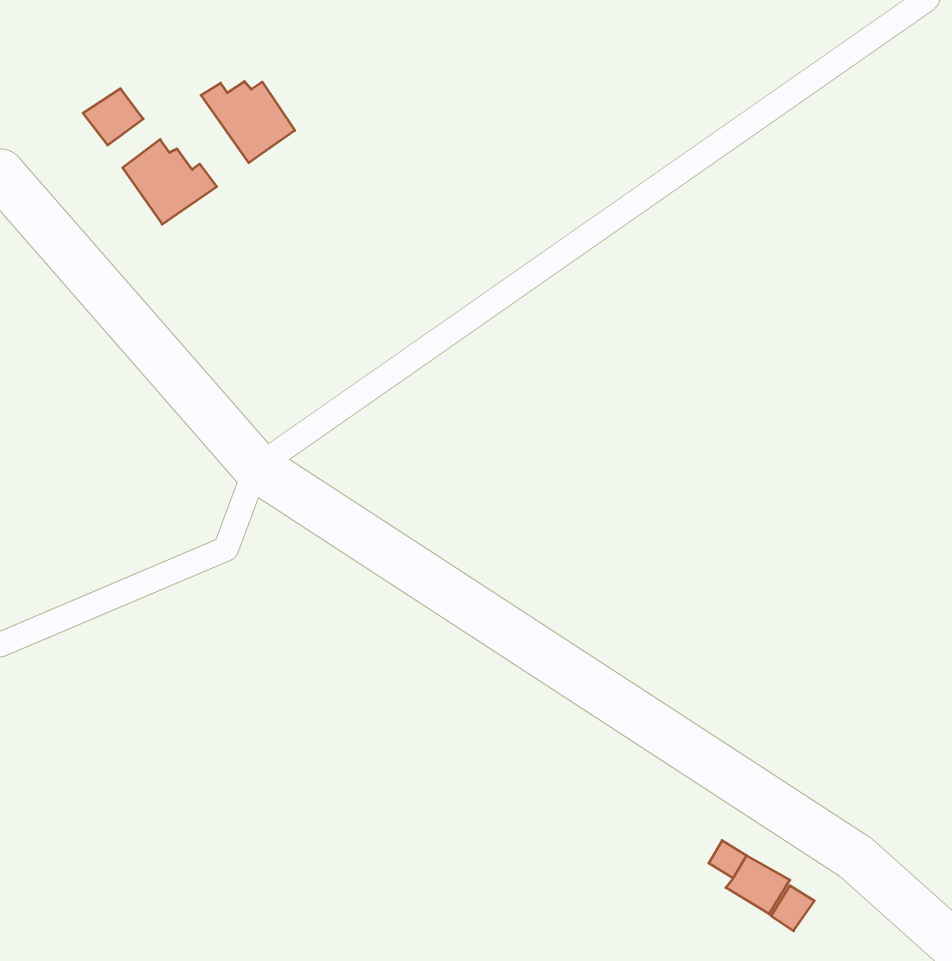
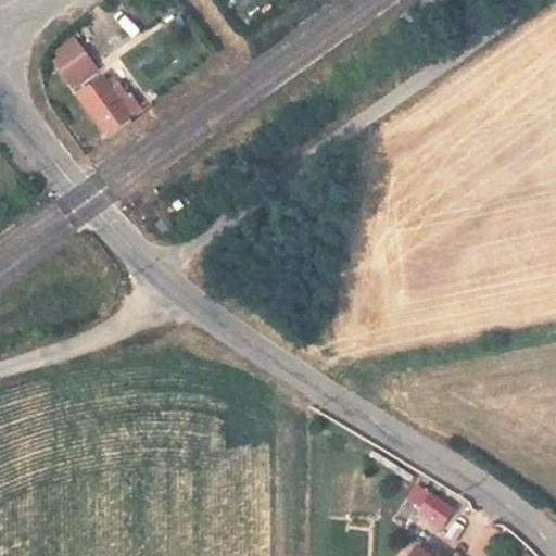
building: [201,81,295,163] -> none

